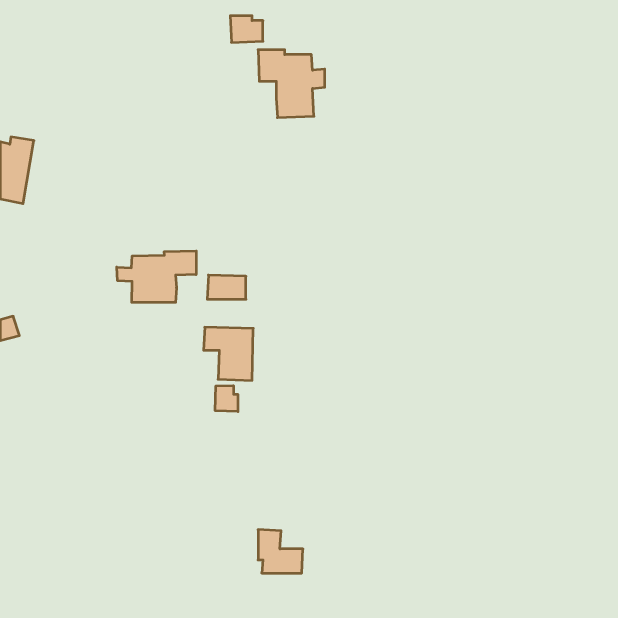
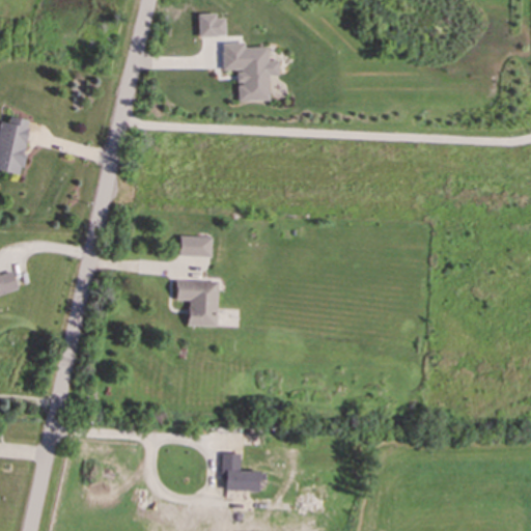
building: [117,251,196,302] -> none
building: [215,386,238,412] -> none

